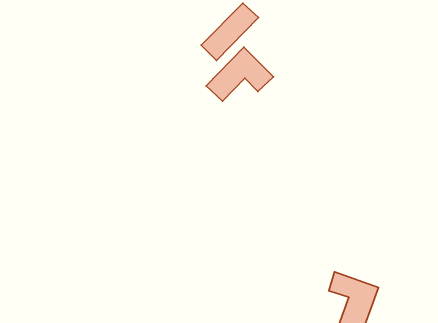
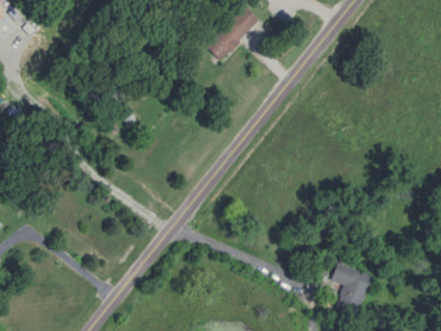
building: [206,47,274,101] -> none

